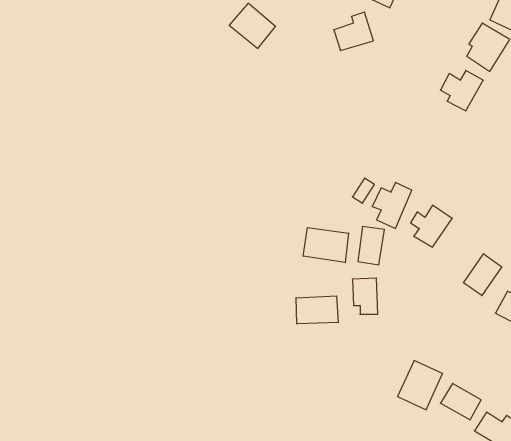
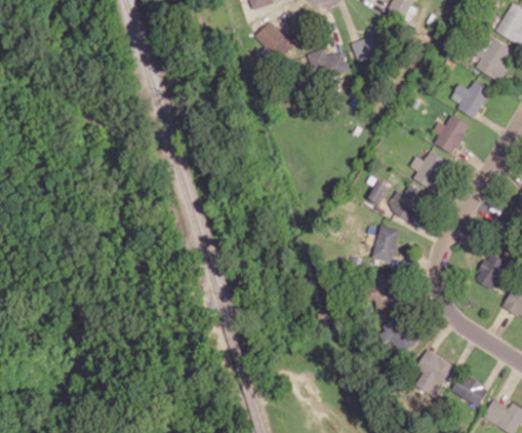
building: none -> [308,48,349,79]
building: none -> [434,115,471,155]
building: [411,205,452,247] -> [410,150,449,189]
building: [303,228,348,263] -> none
building: [296,296,338,324] -> none
building: none -> [376,317,414,354]

